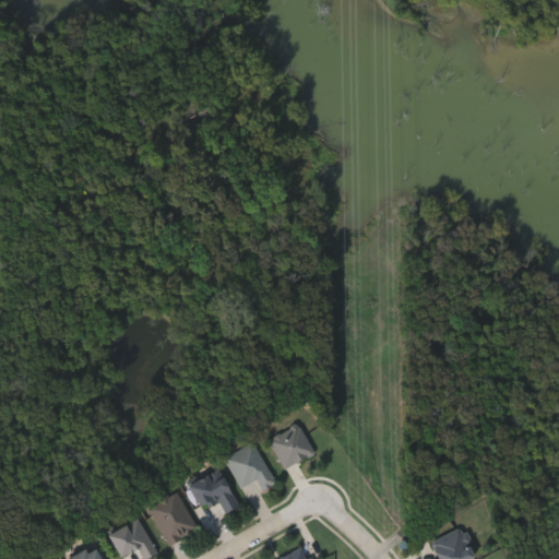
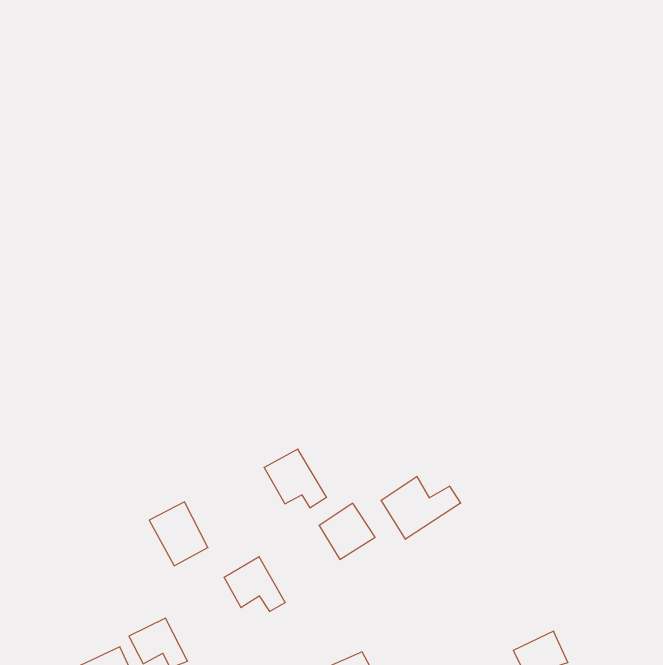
building: none -> [381,476,461,539]
building: [224,442,276,491] -> [264,449,327,508]
building: [147,491,197,545] -> [149,502,208,566]

